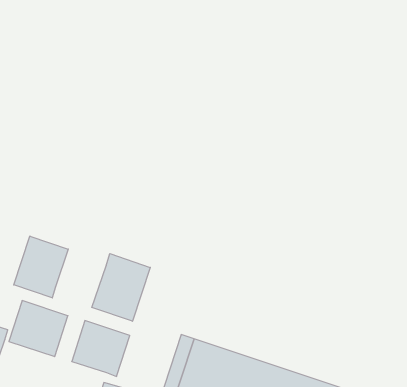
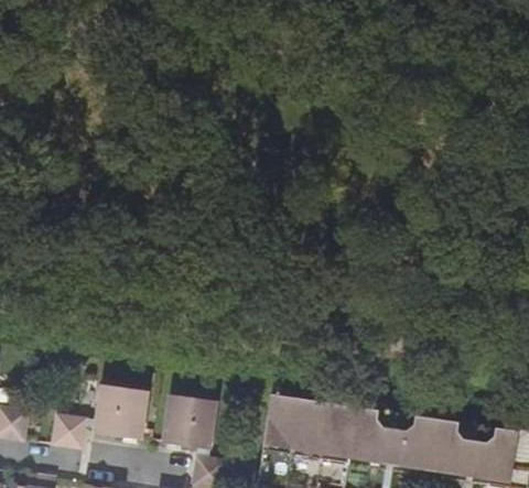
building: [14,236,68,298] -> none
building: [92,254,150,321] -> none

